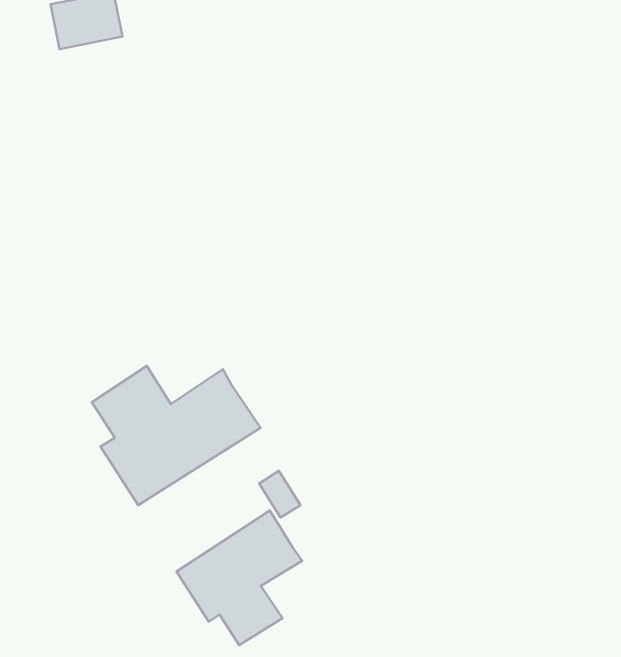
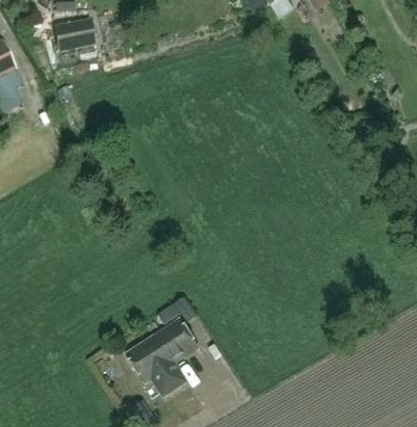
building: [92,366,260,505] -> none

